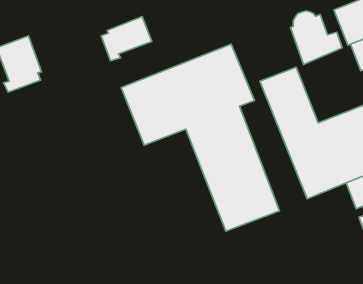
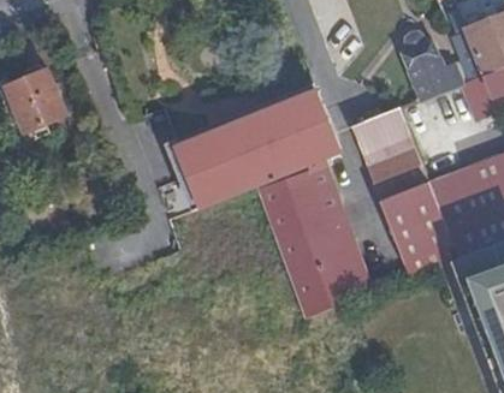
building: [101,17,152,61] -> none

